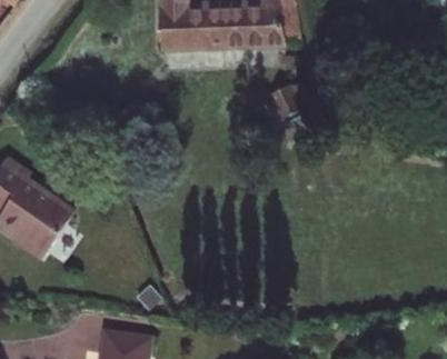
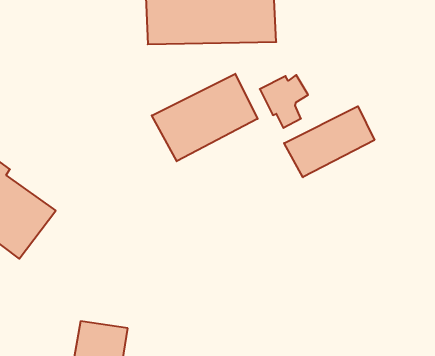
building: none -> [152,74,258,161]
building: none -> [284,106,374,177]

